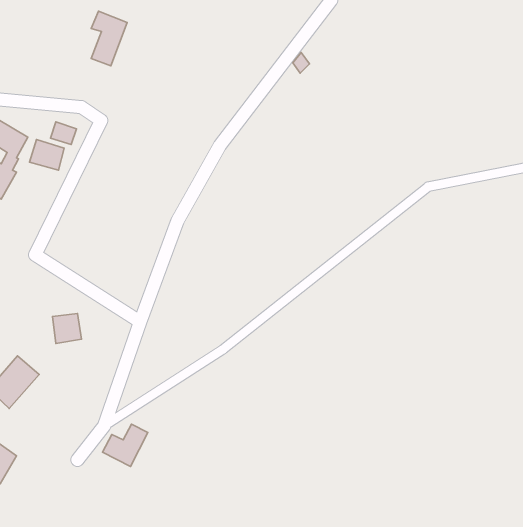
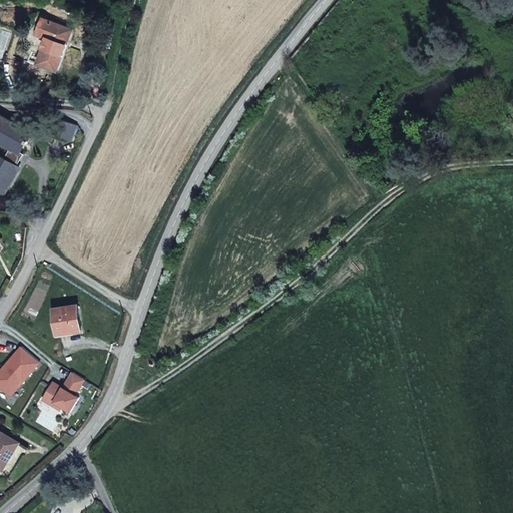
building: [91,11,127,66] -> [34,18,69,71]
building: [29,140,64,170] -> none
building: [102,424,148,467] -> [41,373,85,414]

